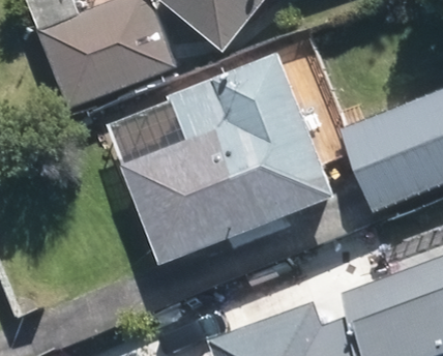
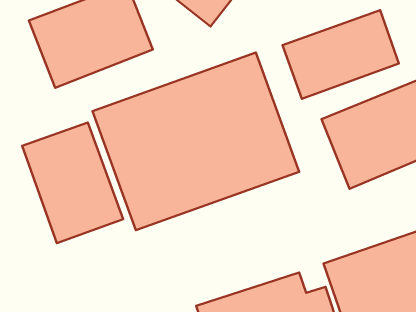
building: none -> [282,10,399,99]
building: none -> [22,123,123,243]

